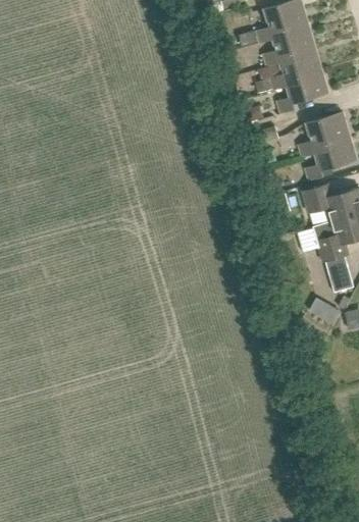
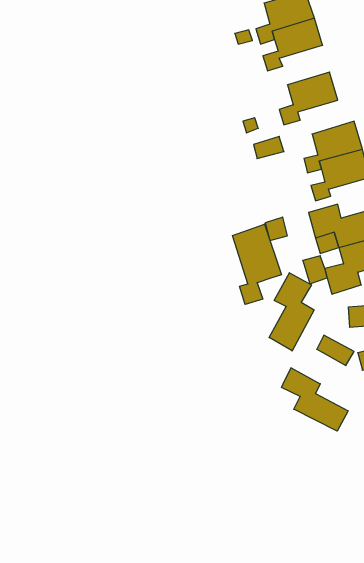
building: [270,45,321,90] -> none
building: none -> [232,224,281,304]
building: none -> [269,273,314,351]
building: none -> [281,368,348,431]

